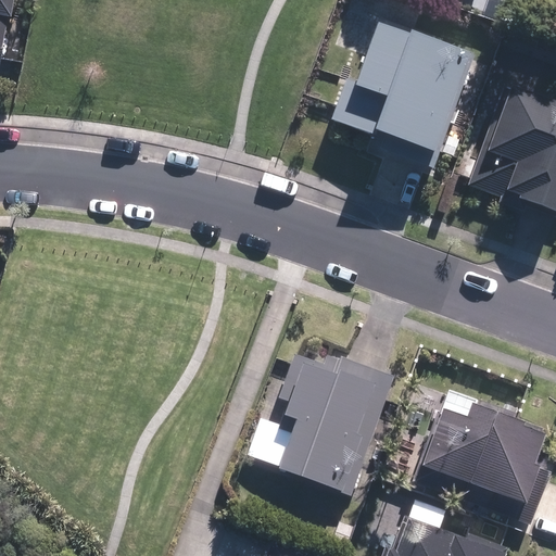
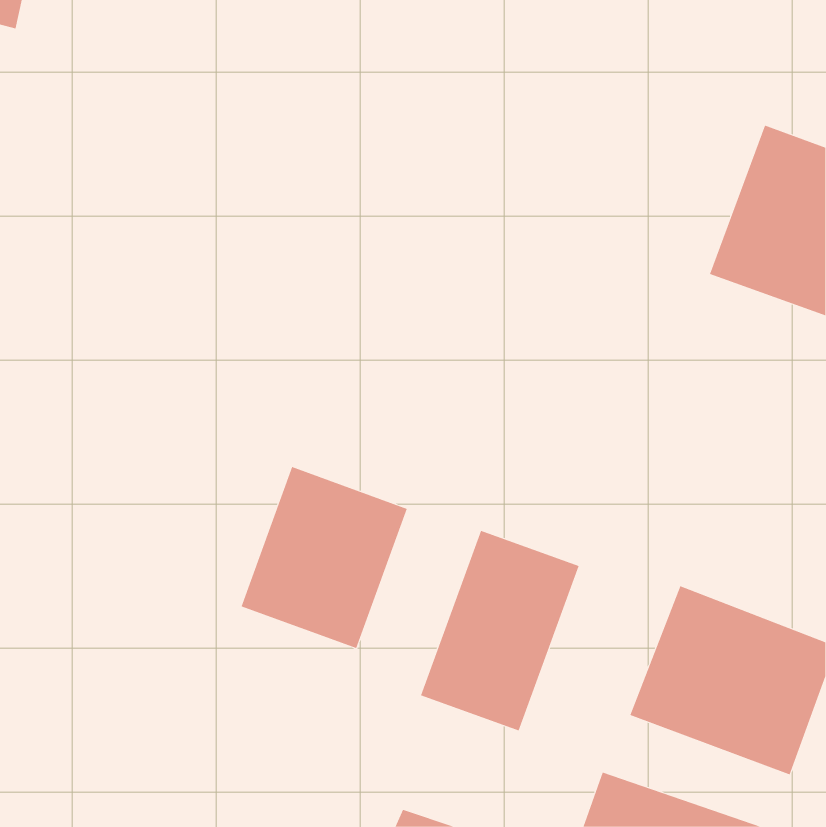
building: [342,18,473,156] -> none
building: none -> [241,466,408,649]

